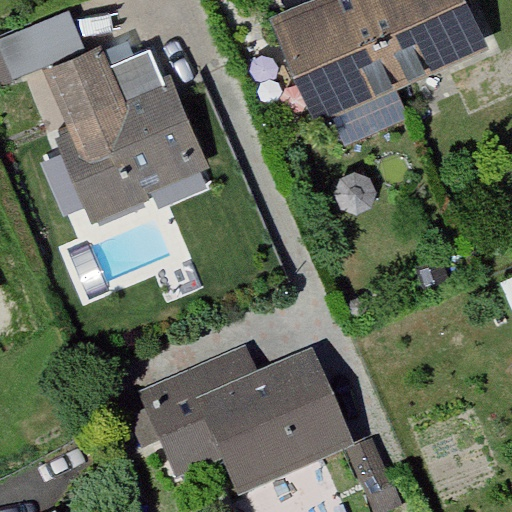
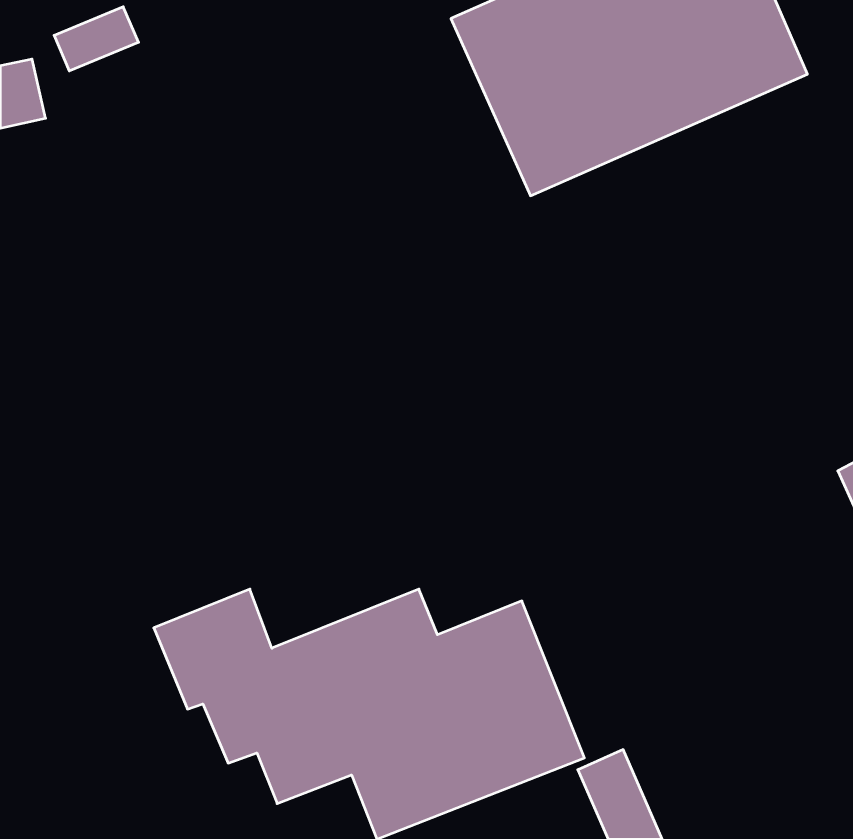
building: [46,41,209,223] -> none

